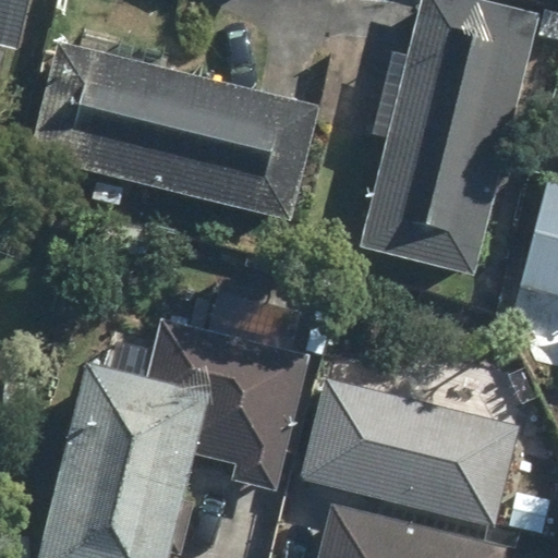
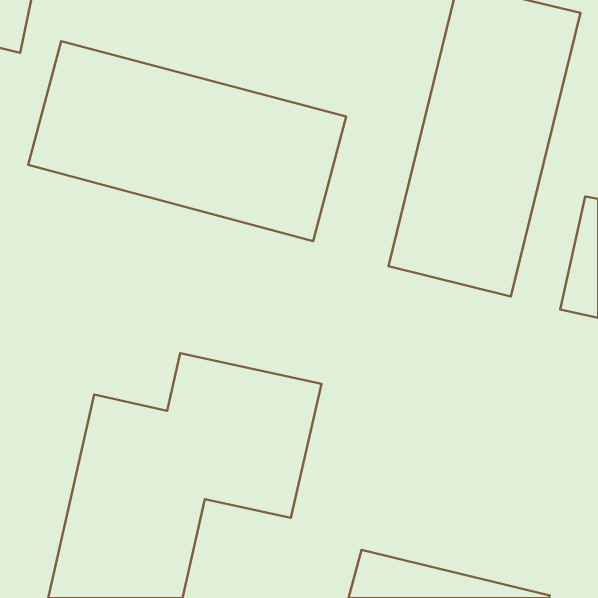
building: [301,378,519,523] -> none

